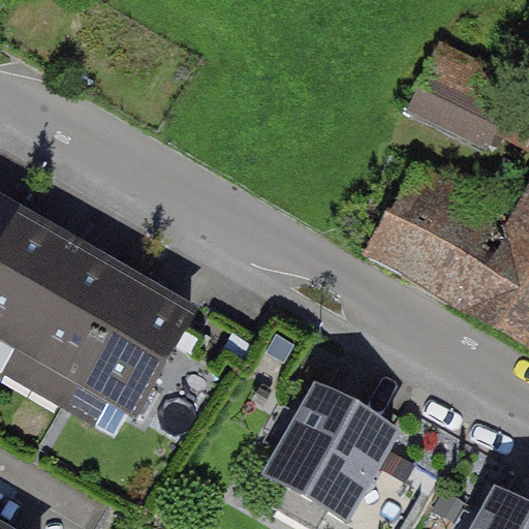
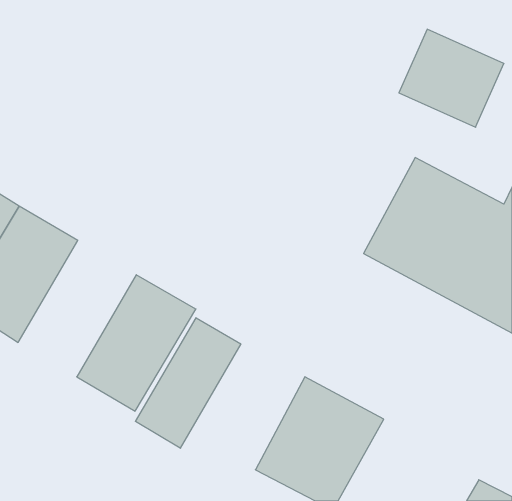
building: [19,246,139,385] -> none
building: none -> [135,318,241,448]

